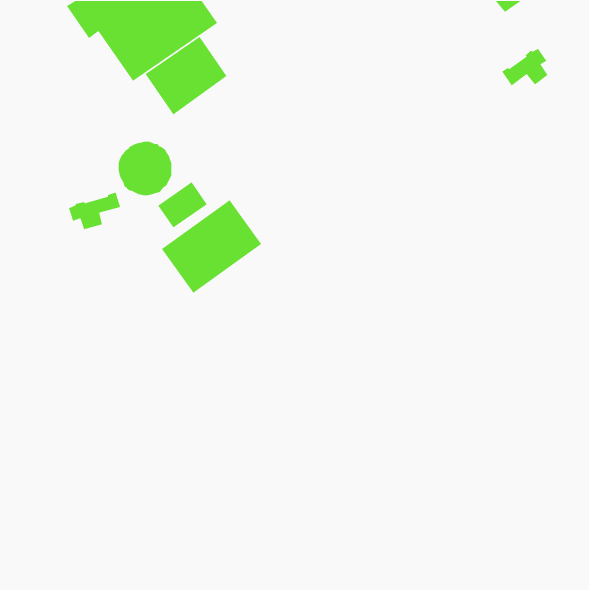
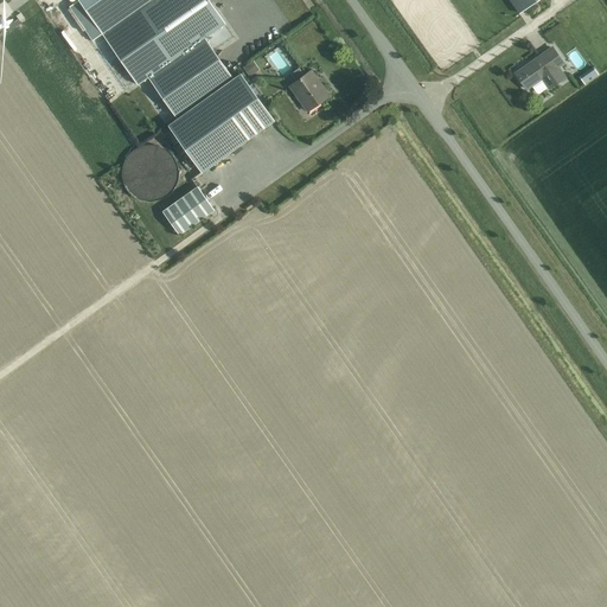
building: none -> [289,68,328,111]
building: [67,192,121,230] -> none
building: [161,199,262,294] -> [168,75,273,172]

